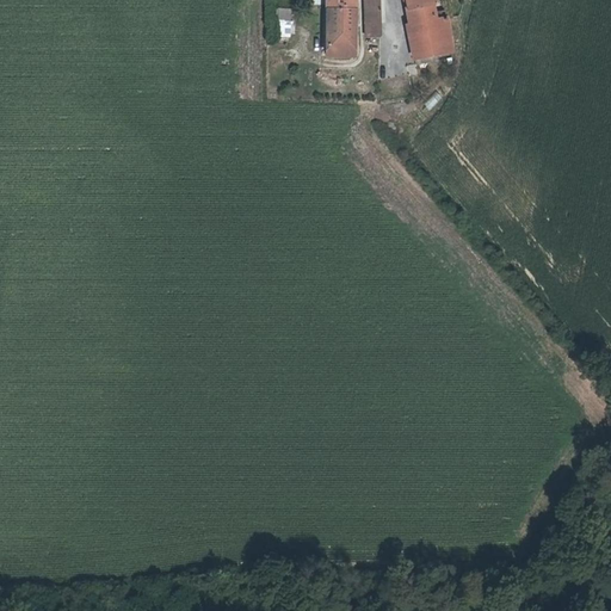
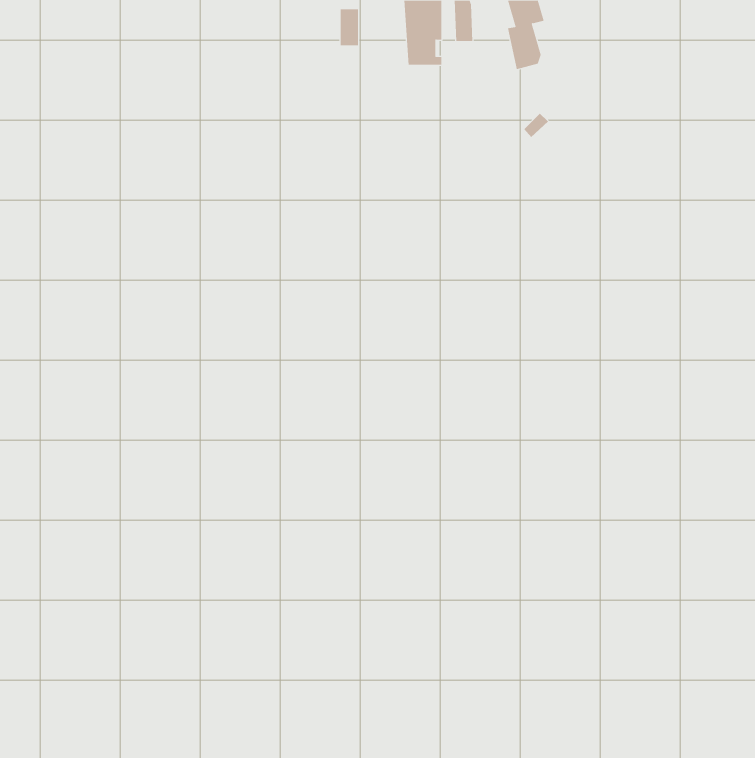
building: [428,16,452,51] -> none

